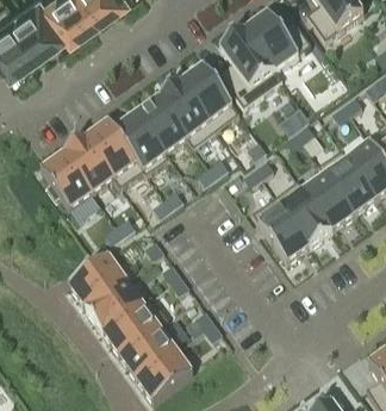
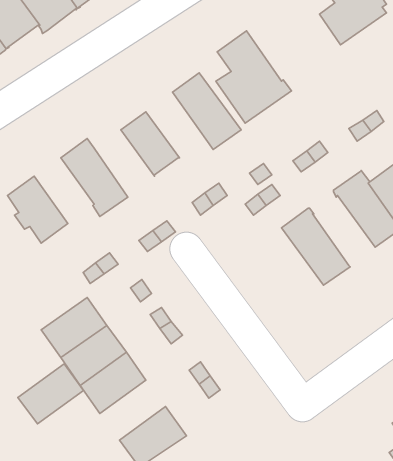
building: [244,14,311,74] -> none
building: [158,83,216,149] -> none
building: [114,116,169,176] -> none
building: [63,139,114,195] -> none
building: [300,172,354,231] -> none
building: [251,199,310,263] -> none
building: [119,329,175,380] -> [18,364,84,424]

